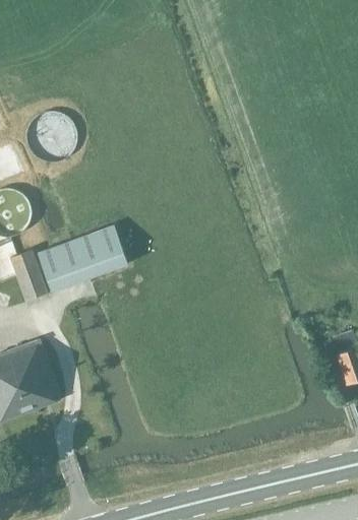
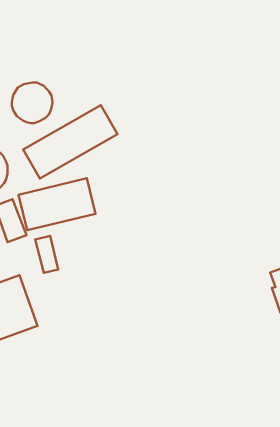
building: none -> [23,105,117,179]
building: none -> [35,236,58,273]

